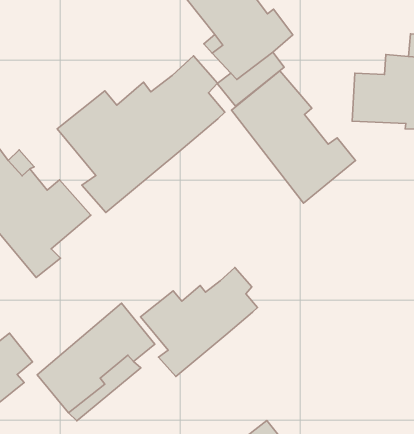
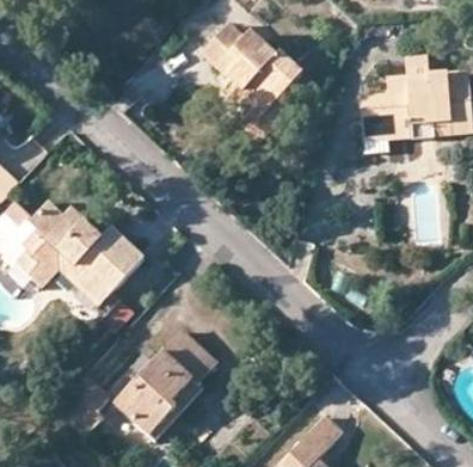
building: [57,56,225,213] -> none
building: [231,71,355,203] -> none
building: [140,267,258,377] -> none

